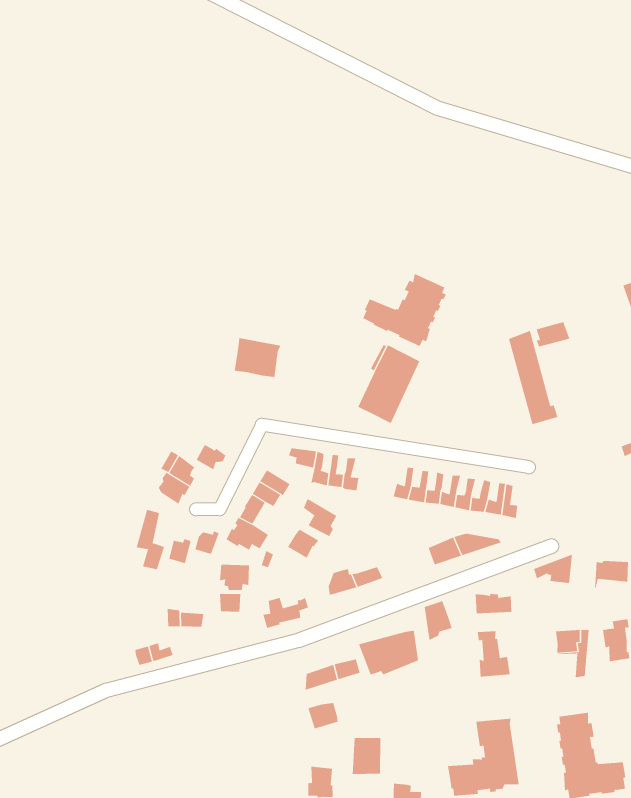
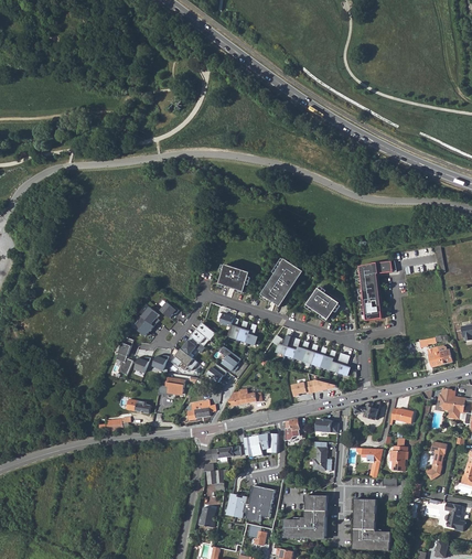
building: [362,273,447,347] -> none
building: [234,337,281,378] -> [219,264,250,291]
building: none -> [305,288,339,319]
building: none -> [246,485,273,520]

